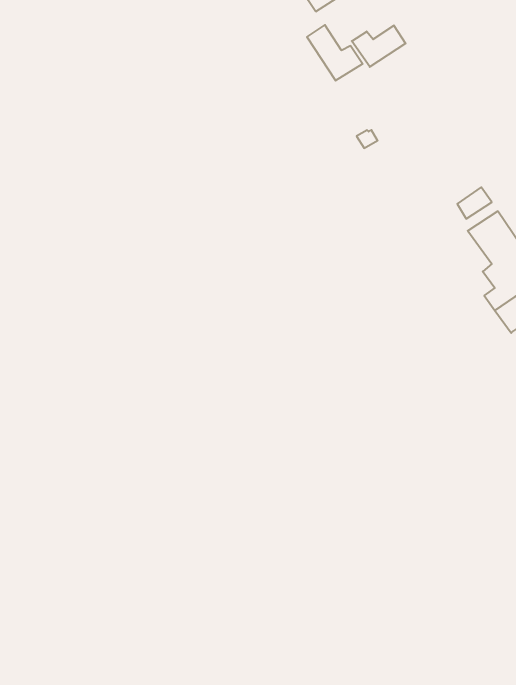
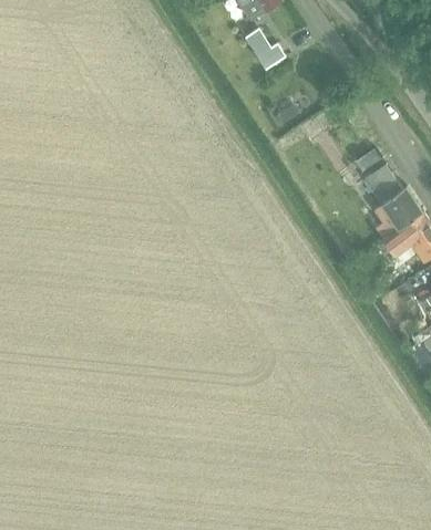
building: [352,25,406,67] -> none

